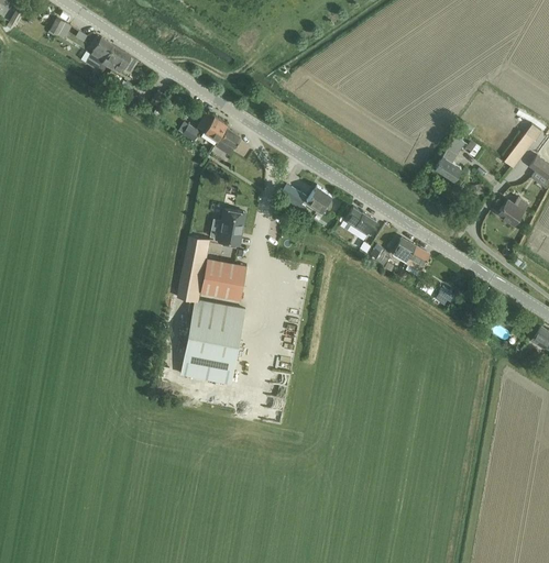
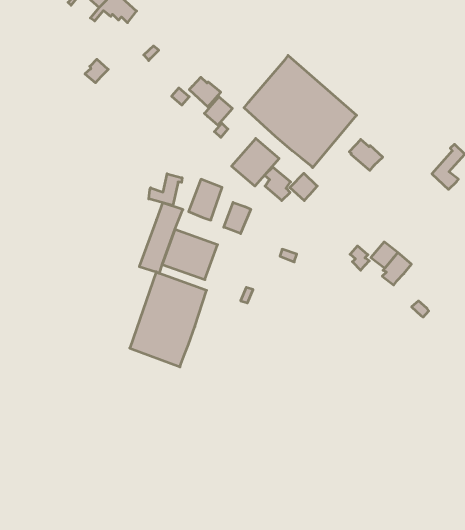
building: none -> [244,55,357,168]
building: none -> [232,138,279,186]
building: none -> [149,174,182,205]
building: [344,207,376,234] -> [349,139,383,170]
building: none -> [224,202,251,234]

